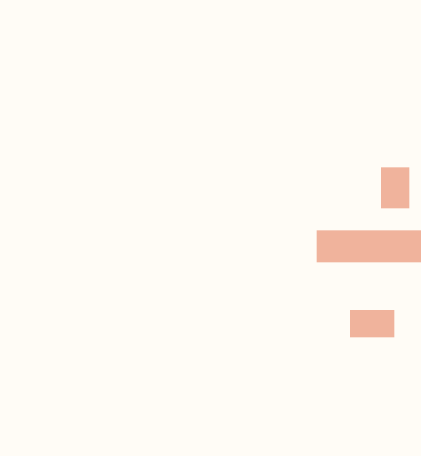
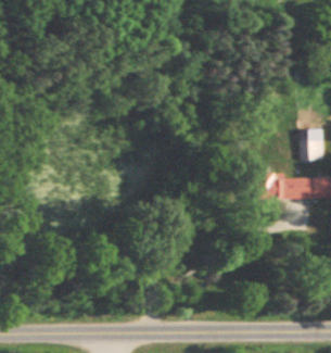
building: [350,309,395,338] -> none

